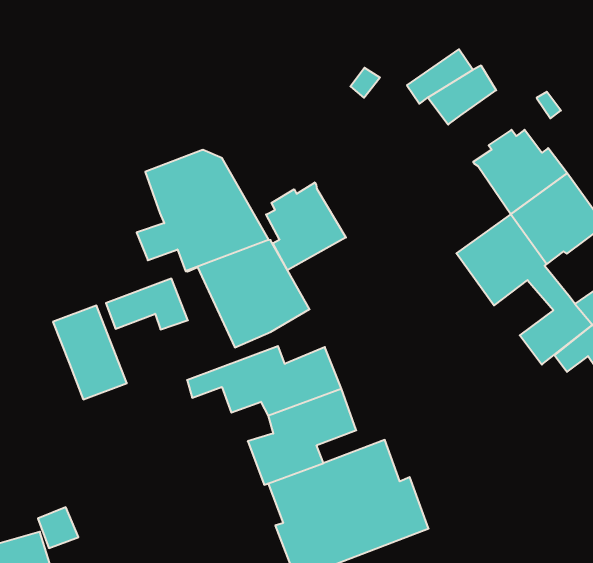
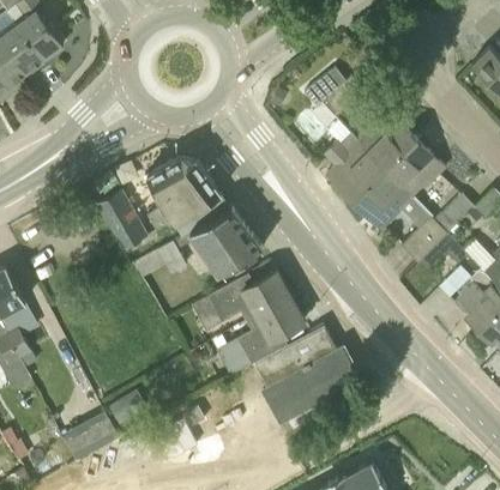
building: none -> [325,134,384,201]
building: [266,182,346,270] -> none
building: [53,306,127,399] -> [95,192,147,253]

